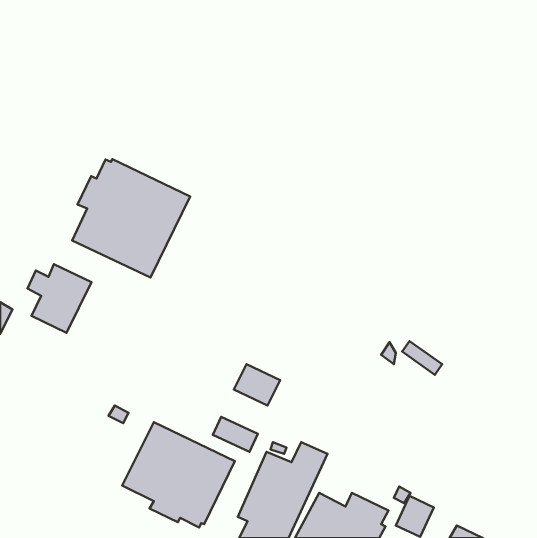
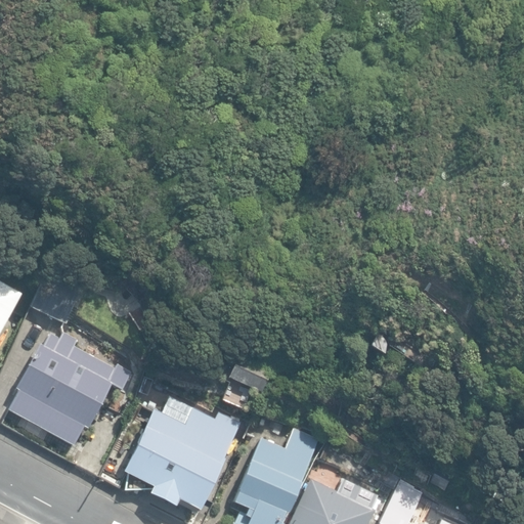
building: [72,159,190,277] -> none
building: none -> [9,333,132,445]

